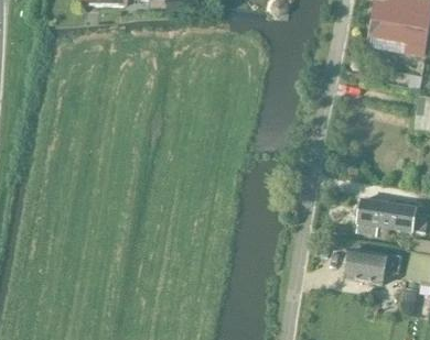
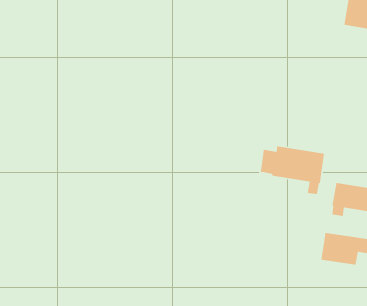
building: none -> [260,145,325,195]

